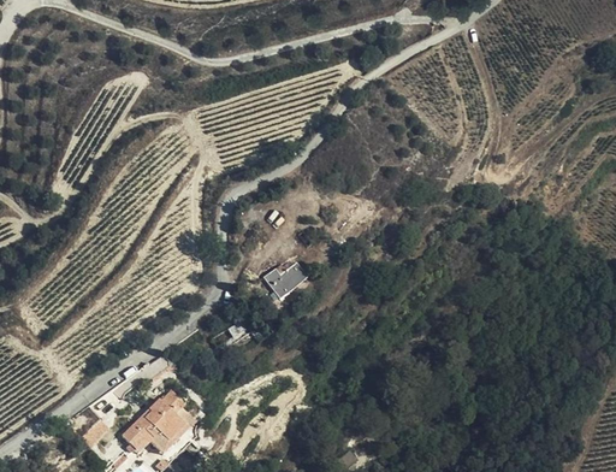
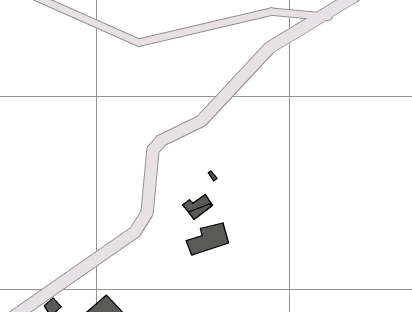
building: none -> [186,223,229,255]

